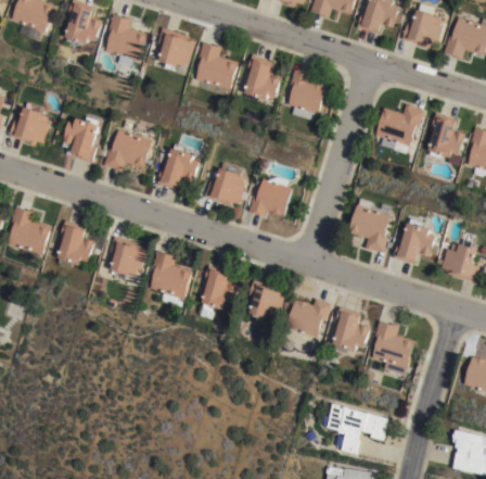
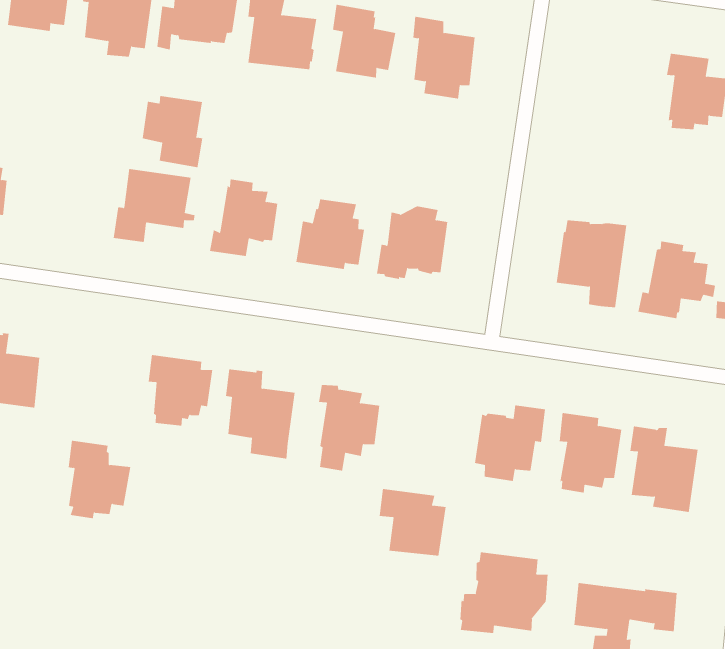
building: [374,103,420,154] -> none
building: [62,118,100,163] -> [142,95,203,168]
building: [56,220,95,267] -> [68,440,131,519]
building: [247,278,286,322] -> [379,489,447,556]
building: none -> [460,552,548,634]

